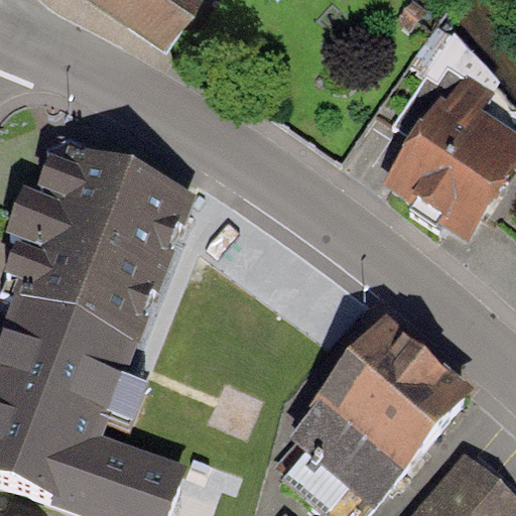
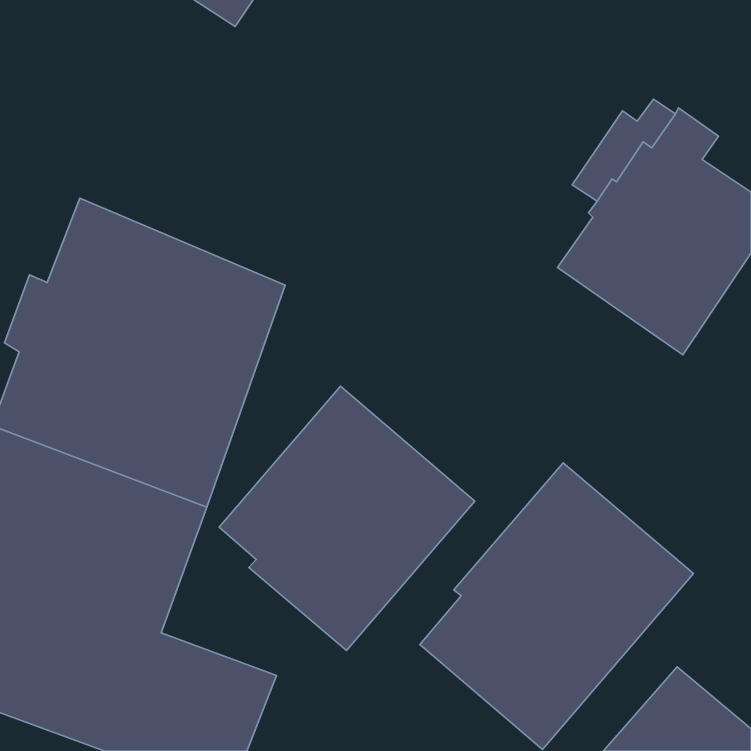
building: none -> [219,386,475,651]

